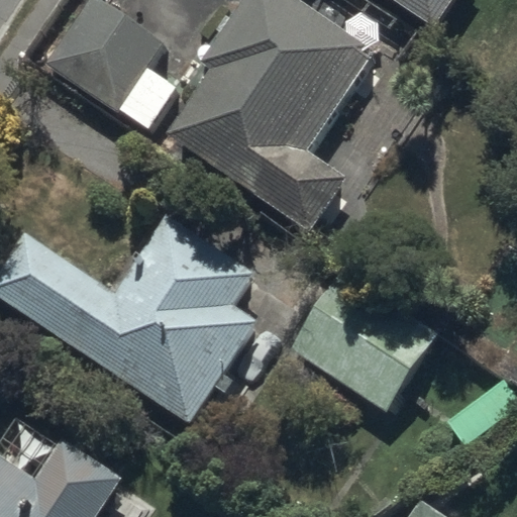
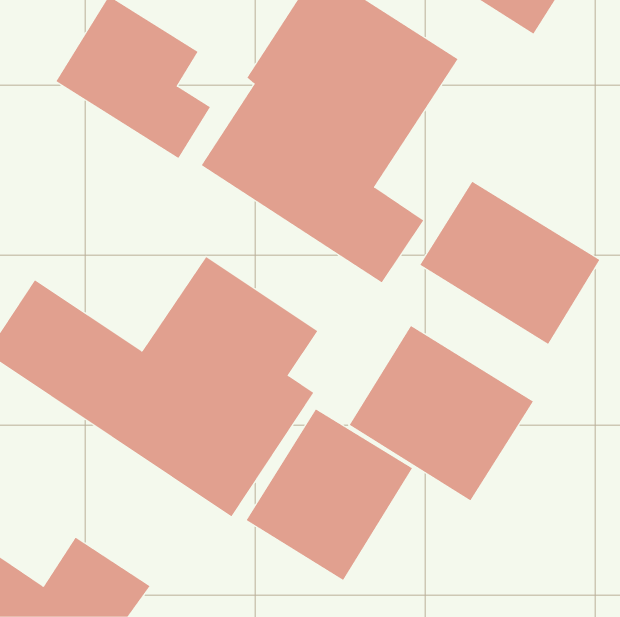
building: none -> [419,181,600,345]
building: none -> [246,409,413,581]

